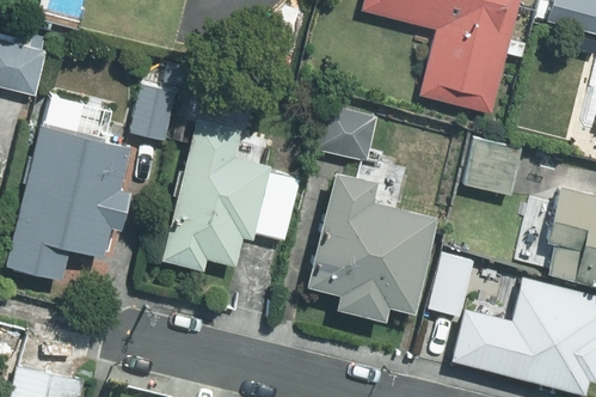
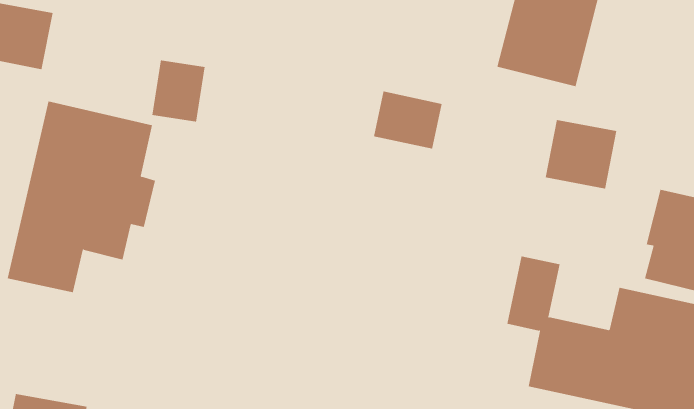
building: [166,116,296,270] -> none
building: [306,170,437,319] -> none

